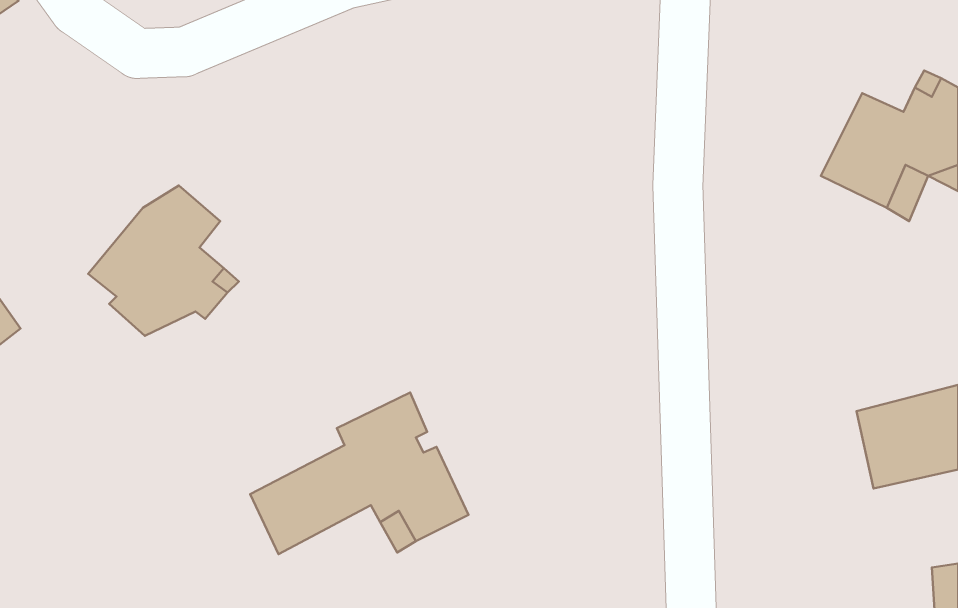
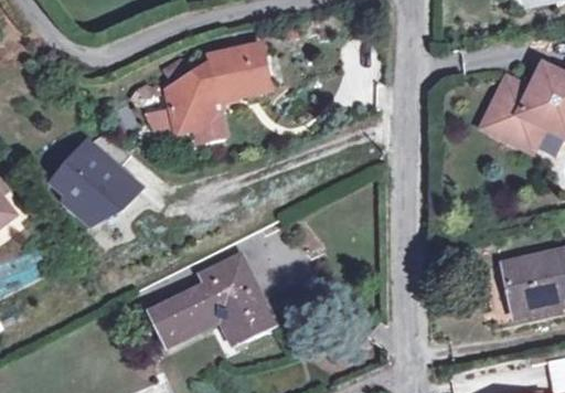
building: none -> [168,43,269,139]

